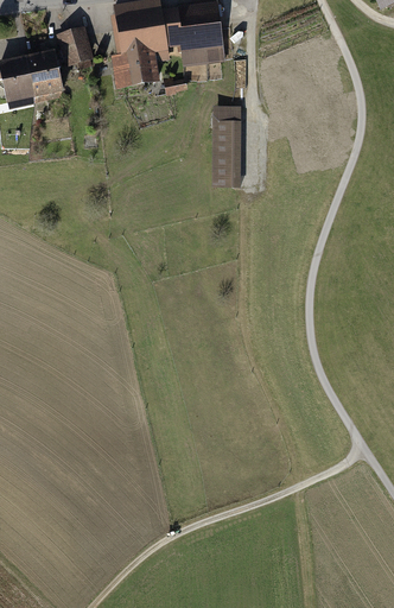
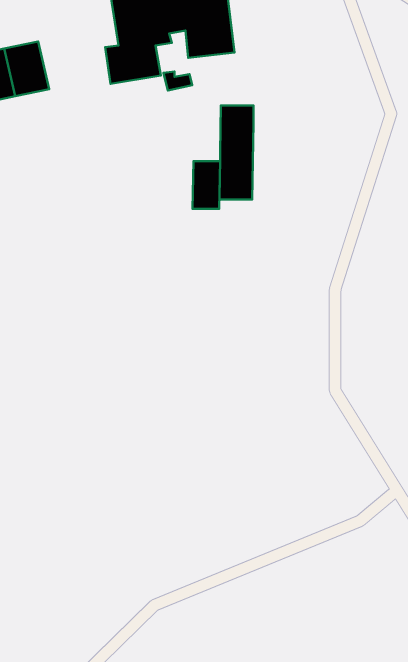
building: [56,25,94,69] -> none
building: none -> [193,161,220,209]

